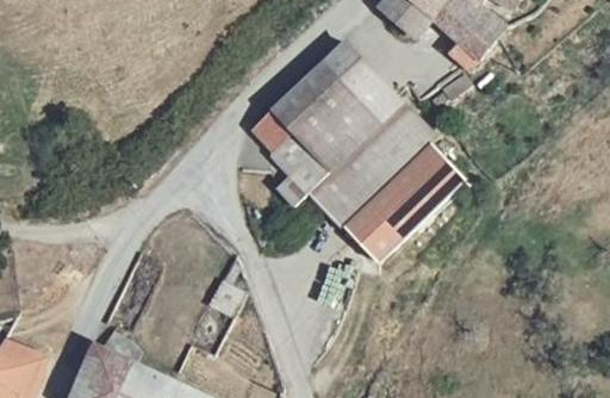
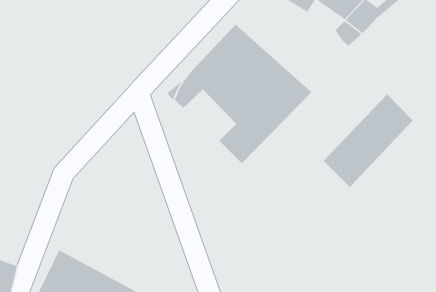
building: [262,133,329,216] -> none
building: [349,147,465,267] -> [323,93,413,188]

